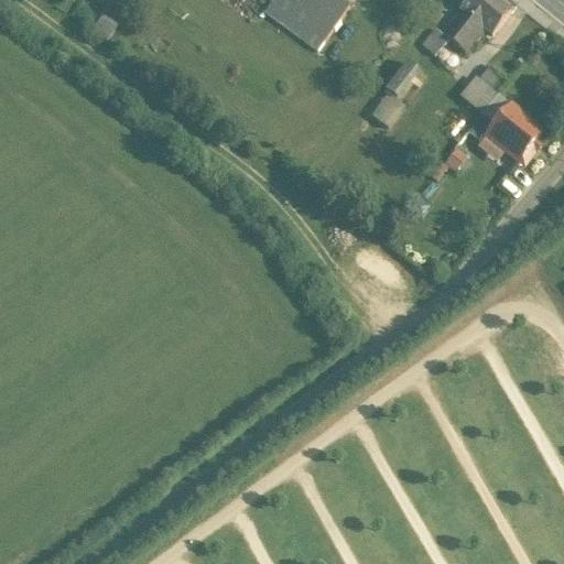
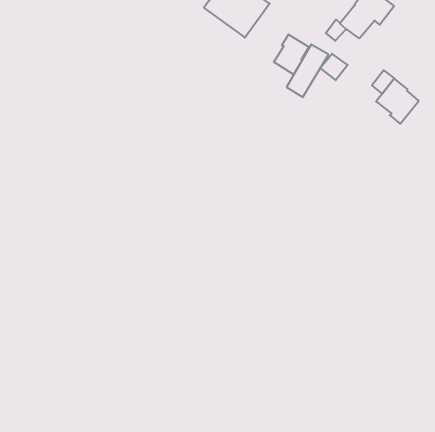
building: none -> [274,34,309,75]
building: [460,76,496,110] -> [320,54,348,80]

